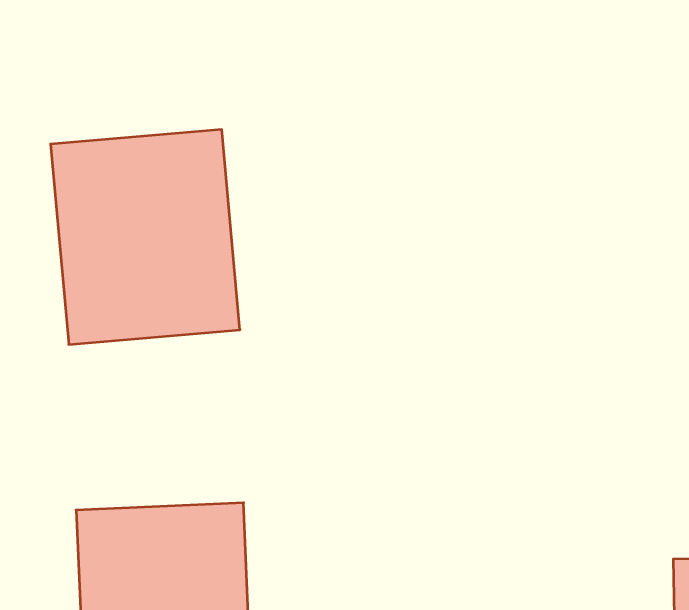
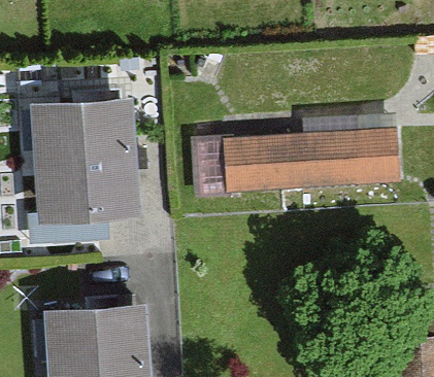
building: none -> [218,131,392,194]

